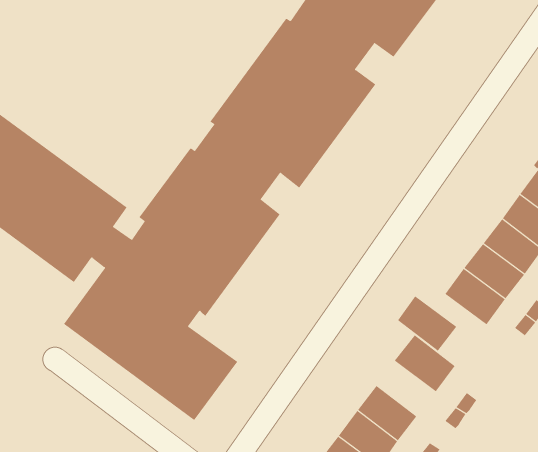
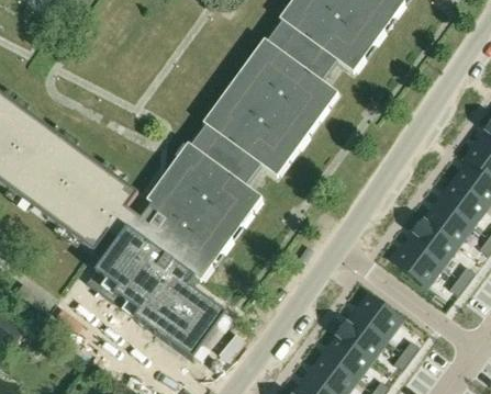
building: [397,295,457,351] -> [338,314,387,359]

